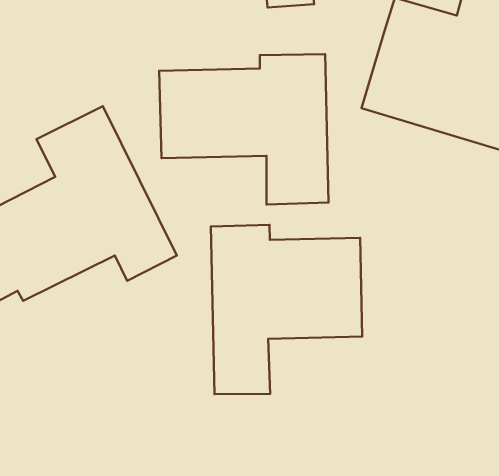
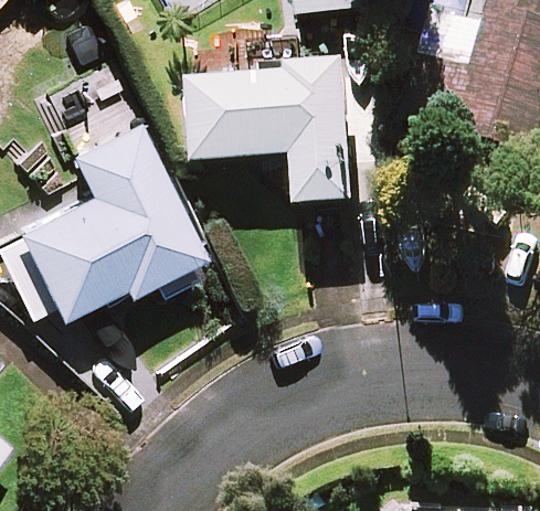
building: [211,225,362,394] -> none

